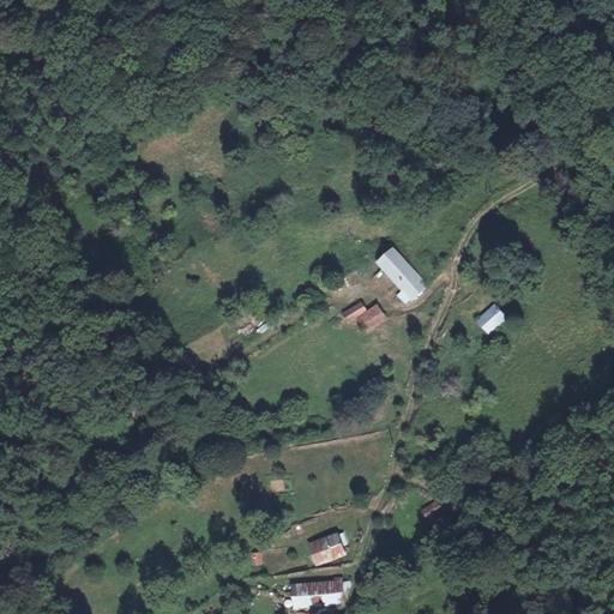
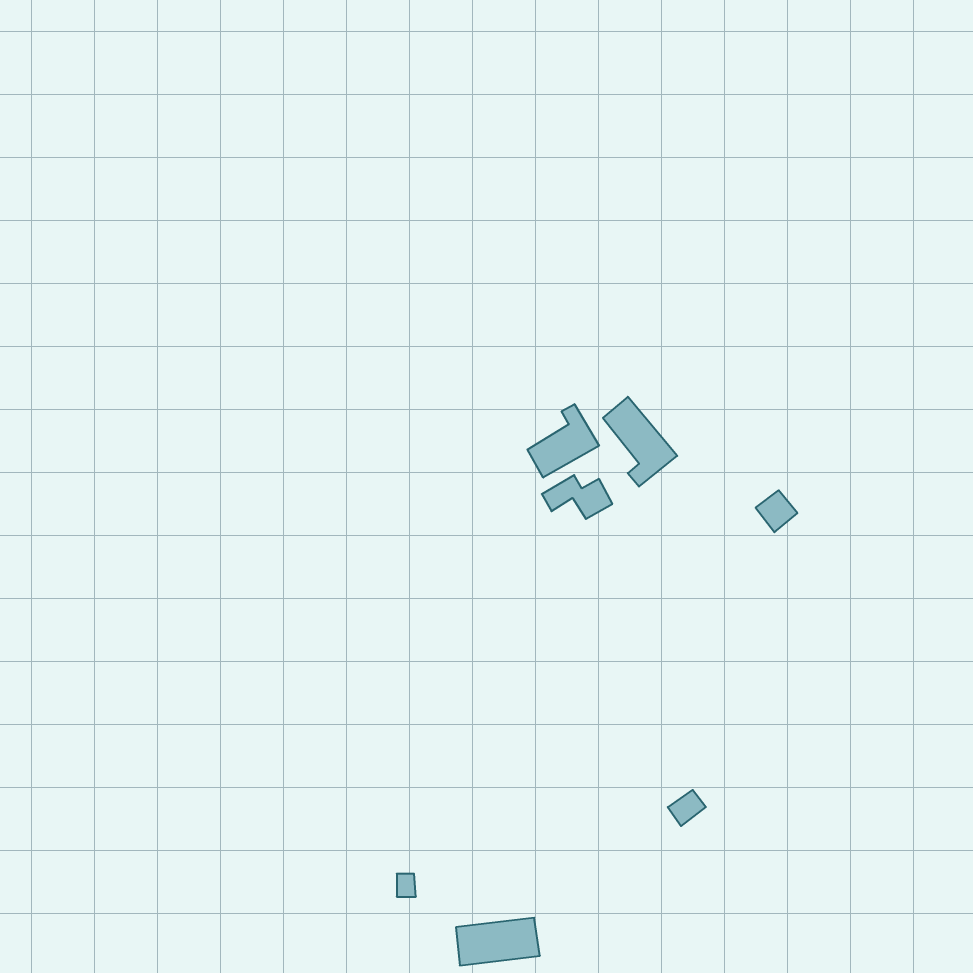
building: none -> [527,404,599,478]
building: [307,532,348,566] -> none

